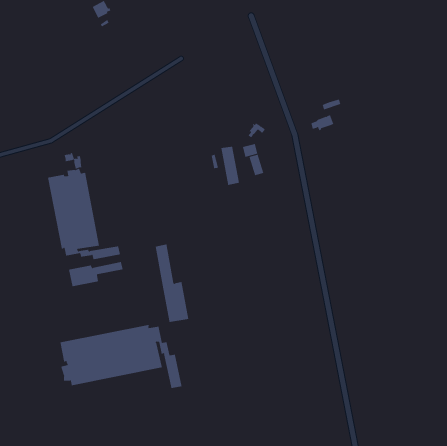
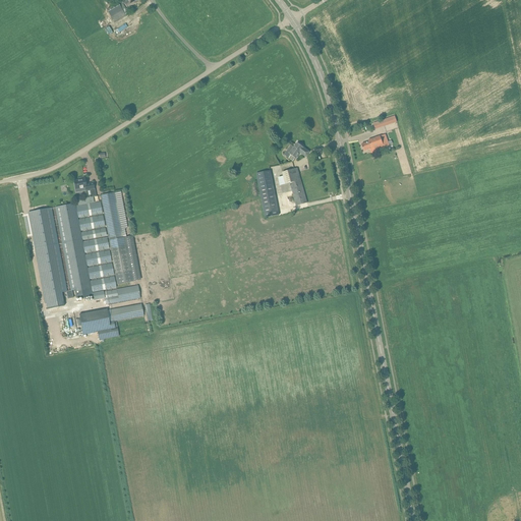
building: none -> [28,208,67,303]
building: [155,244,189,323] -> [101,191,140,283]
building: [60,324,182,389] -> none

